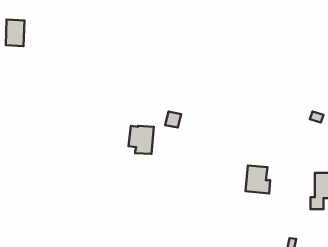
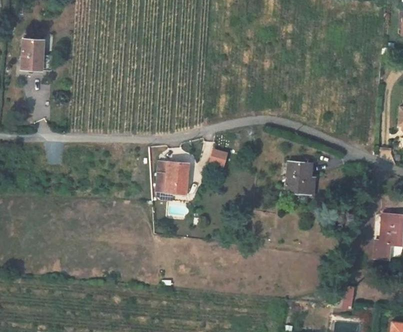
building: [245,166,270,194] -> [286,165,315,198]

